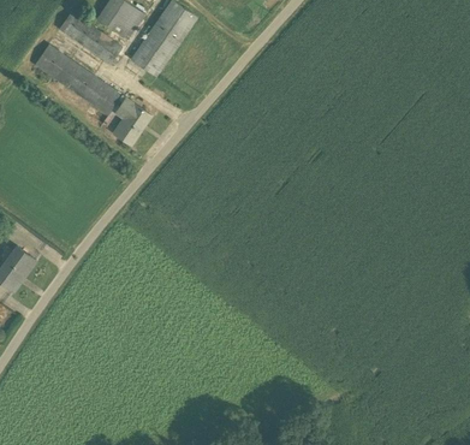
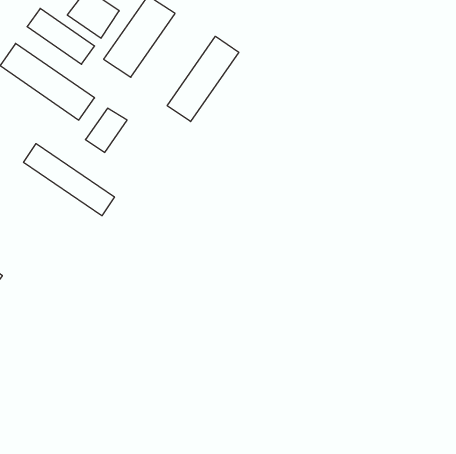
building: none -> [167,36,239,122]
building: none -> [24,144,114,216]

